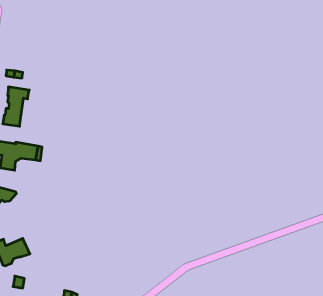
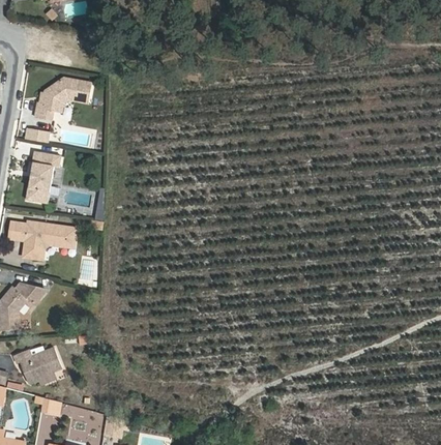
building: none -> [35,79,92,121]

